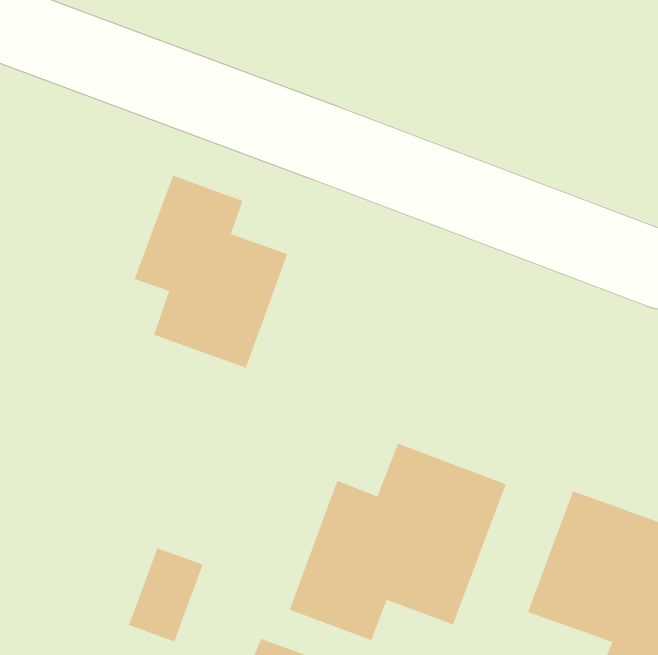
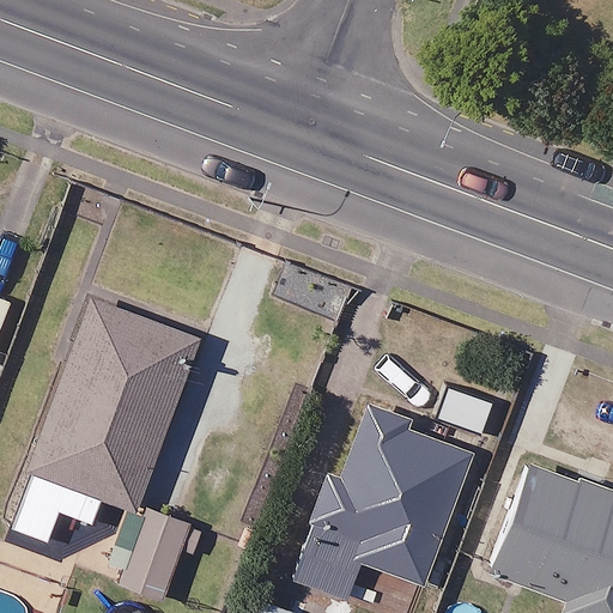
building: [134,175,288,368] -> none
building: none -> [18,301,200,544]

